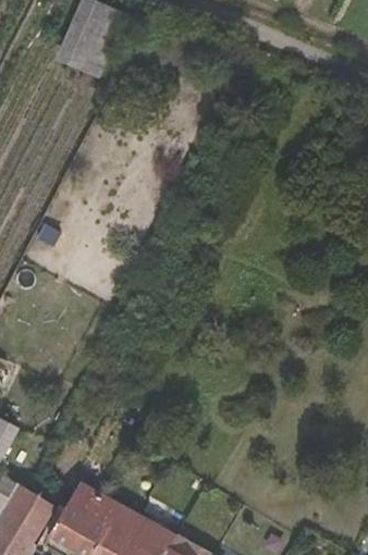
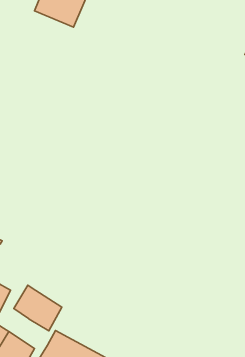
building: none -> [14,285,62,331]

